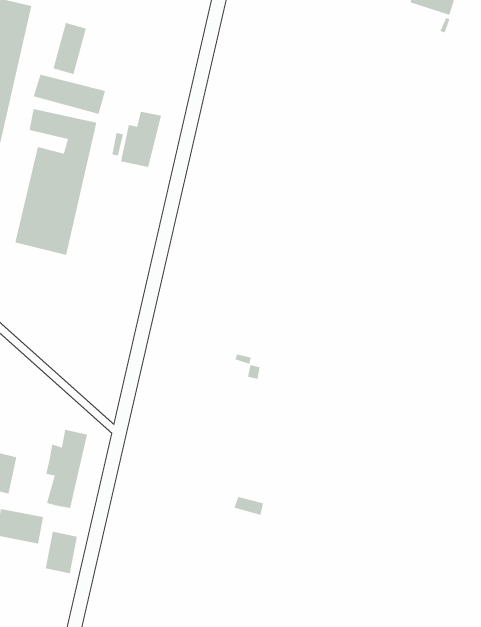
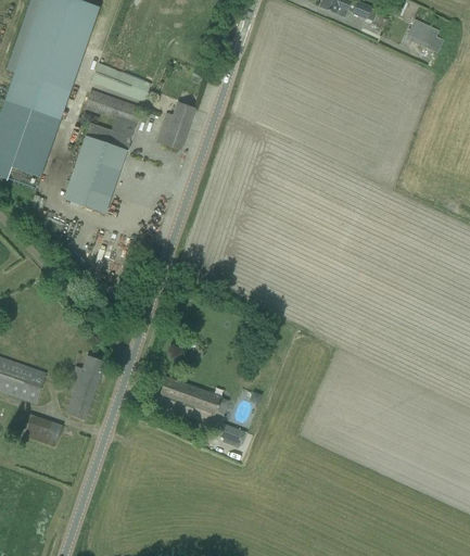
building: [53,22,86,75] -> none
building: none -> [160,377,219,415]
building: [45,531,78,574] -> none

